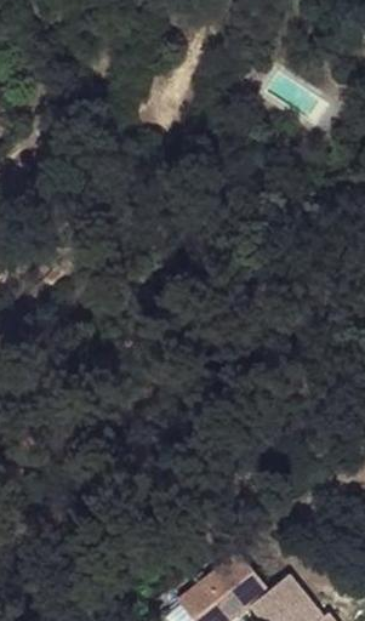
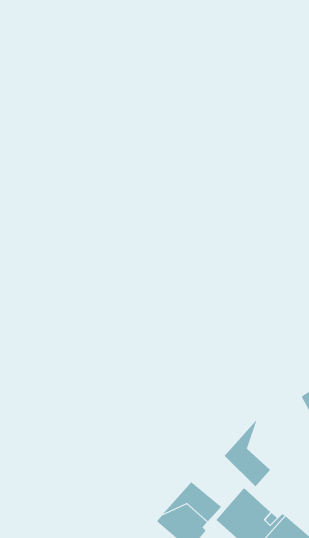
building: none -> [224,418,271,487]

